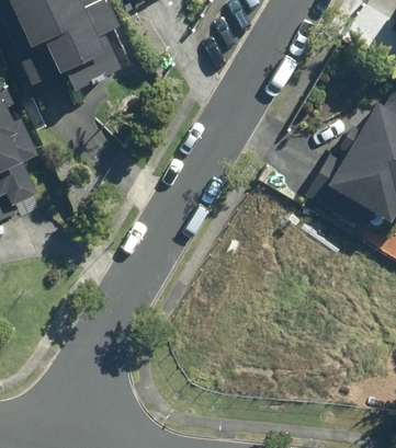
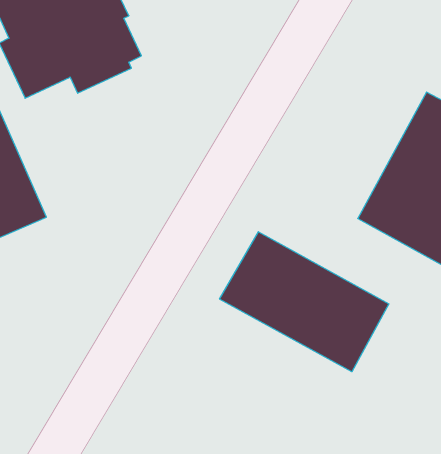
building: none -> [220,232,389,372]

